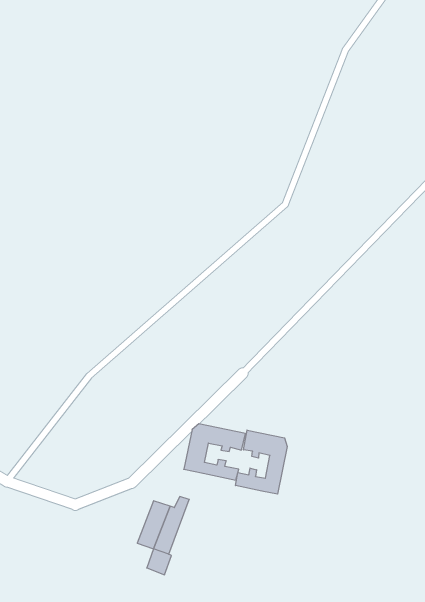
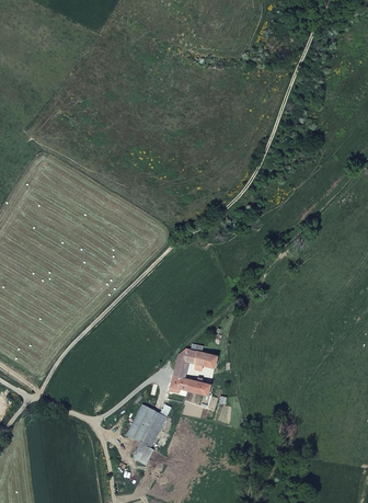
building: [236,430,287,494] -> none

